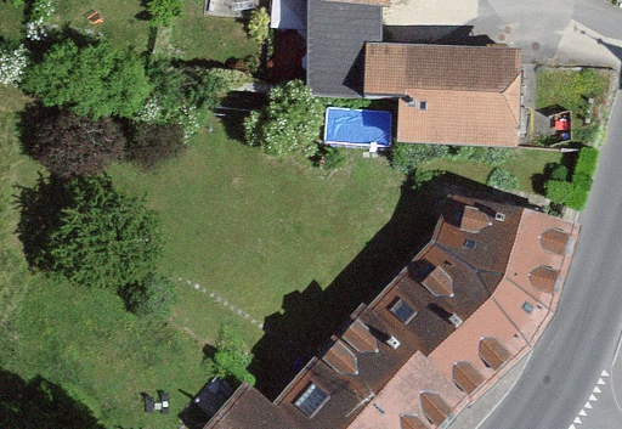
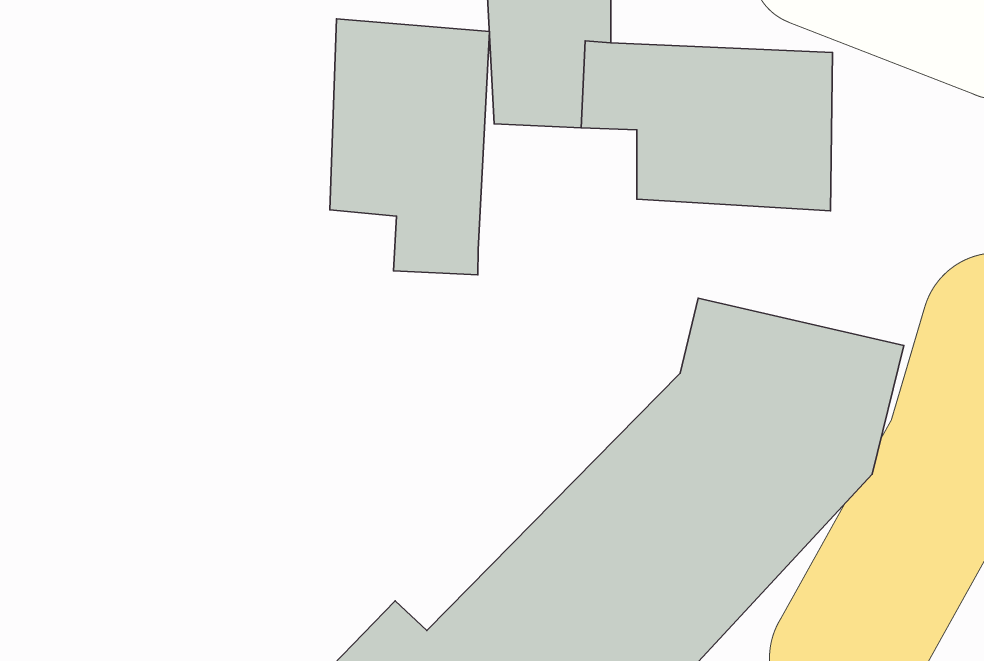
building: none -> [330,19,489,275]

